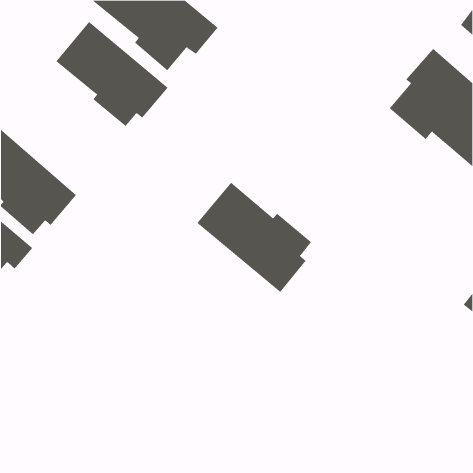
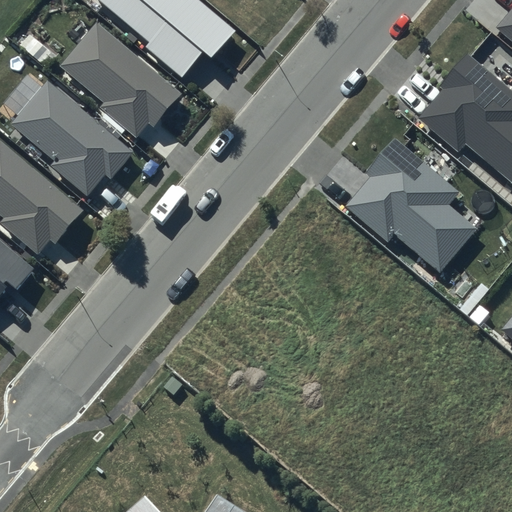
building: none -> [11,80,133,195]
building: none -> [345,137,477,271]
building: [197,182,312,293] -> none

